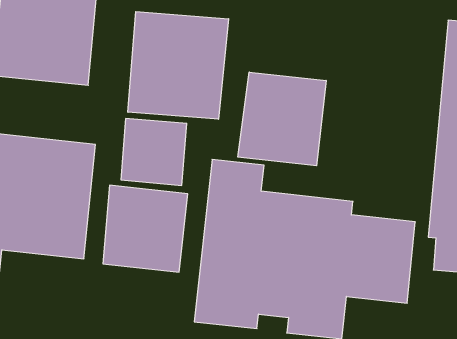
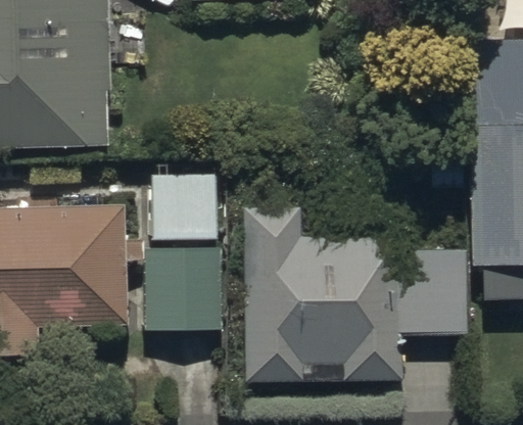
building: [128,12,229,119] -> none
building: [238,72,326,166] -> none

